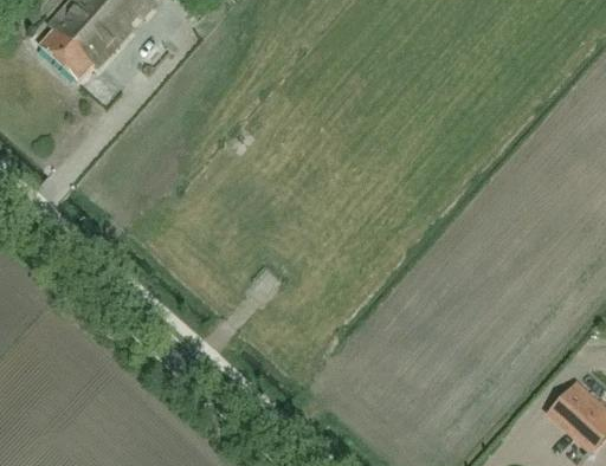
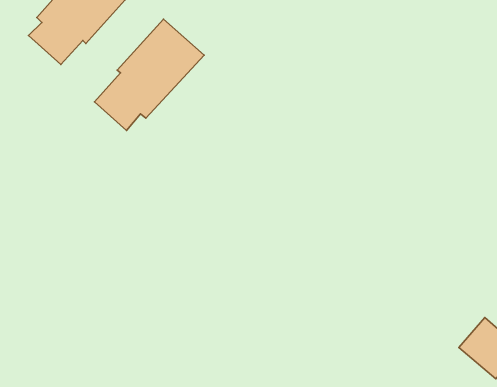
building: none -> [95,19,204,131]

